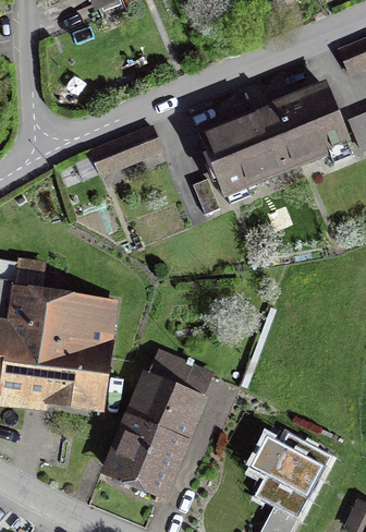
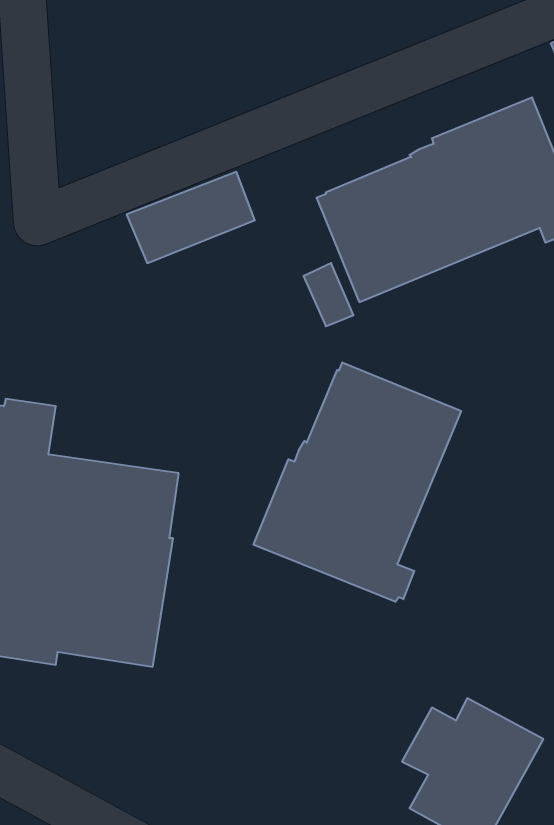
building: none -> [253,362,461,602]
building: [100,348,215,501] -> none

